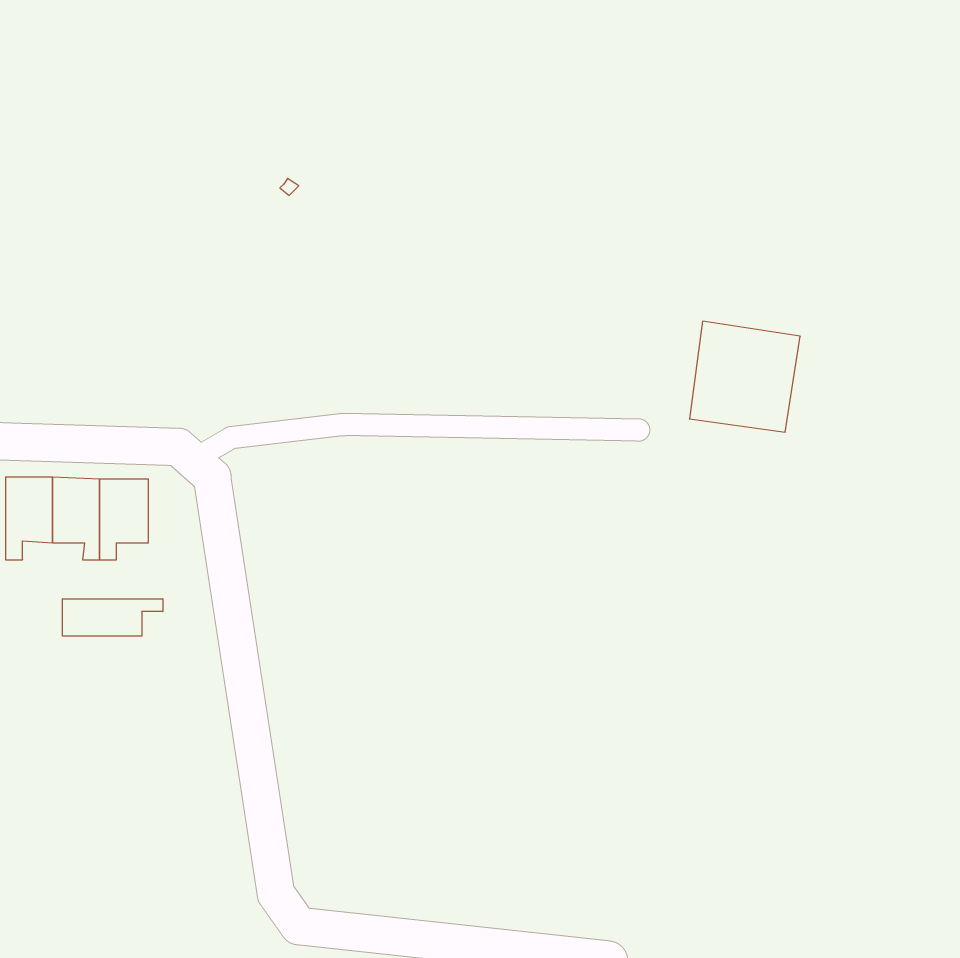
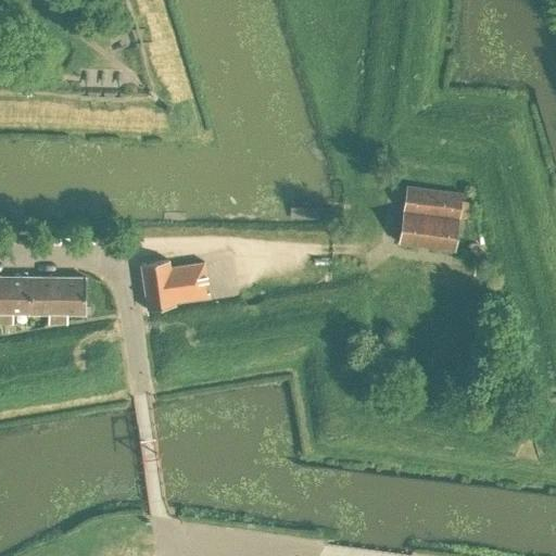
building: none -> [141,261,208,311]
building: [63,599,163,636] -> none

